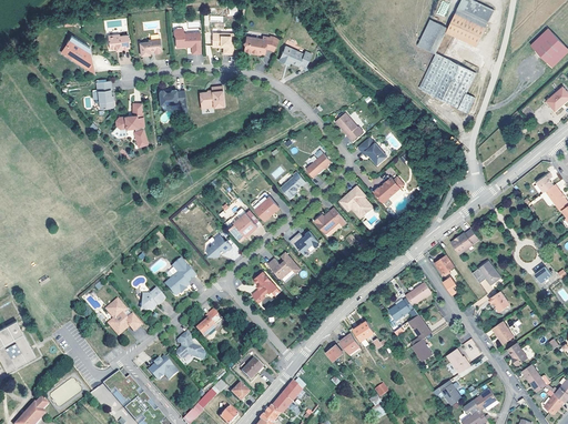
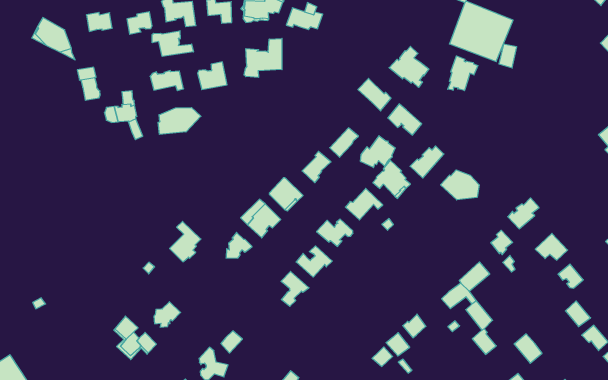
building: none -> [152,31,193,56]
building: none -> [244,38,282,77]
building: none -> [389,46,429,87]
building: none -> [448,56,478,91]
building: none -> [158,108,201,134]
building: none -> [361,136,395,168]
building: none -> [441,170,479,200]
building: [164,261,192,295] -> [170,221,201,261]

